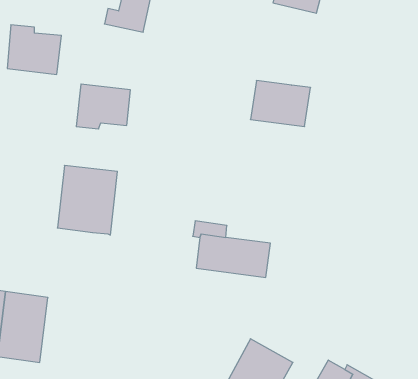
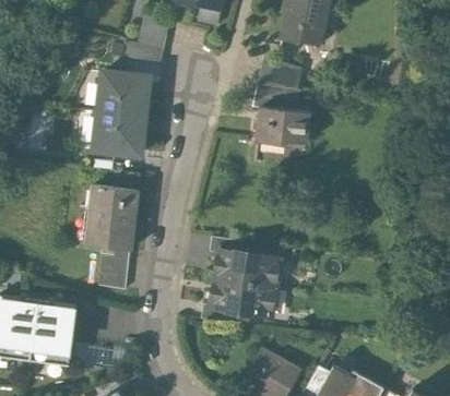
building: [7,25,61,74] -> [104,71,154,117]
building: none -> [258,61,306,112]
building: none -> [97,249,129,289]
building: none -> [206,281,275,322]

